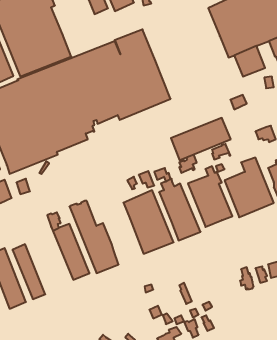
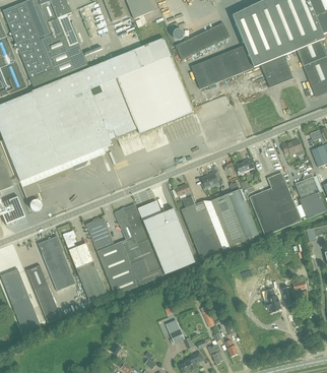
building: none -> [174,21,228,59]
building: [171,118,231,160] -> [190,44,253,88]
building: none -> [115,204,163,285]
building: none -> [38,235,75,290]

